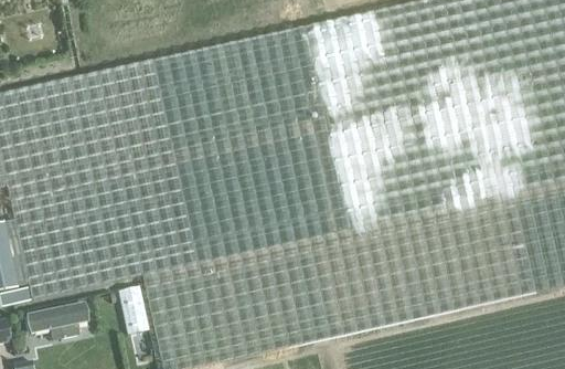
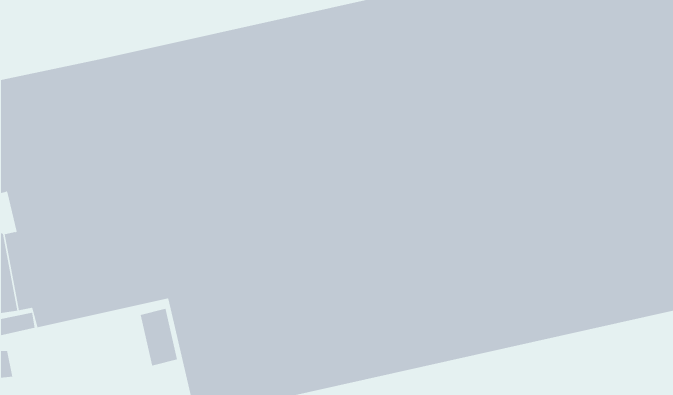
building: [25,302,86,338] -> none

